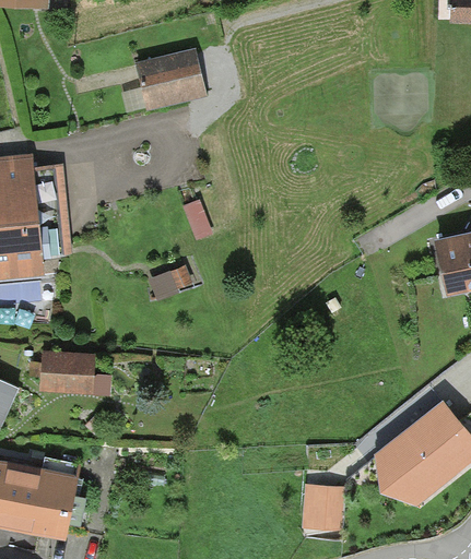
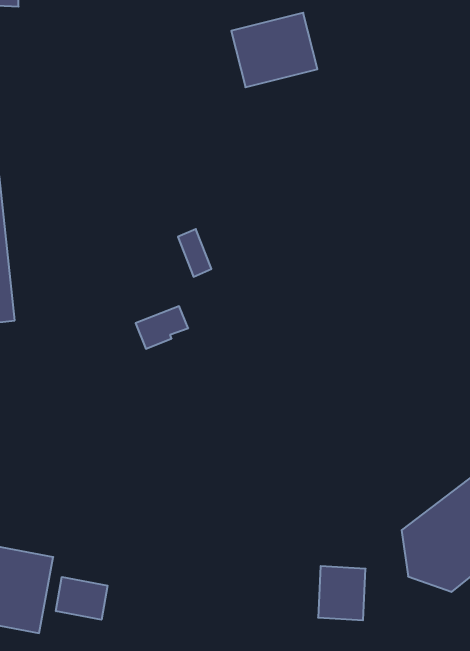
building: [134,47,208,110] -> [231,13,317,87]
building: [39,353,96,394] -> none
building: none -> [56,577,108,620]

